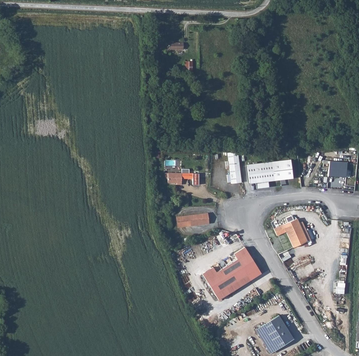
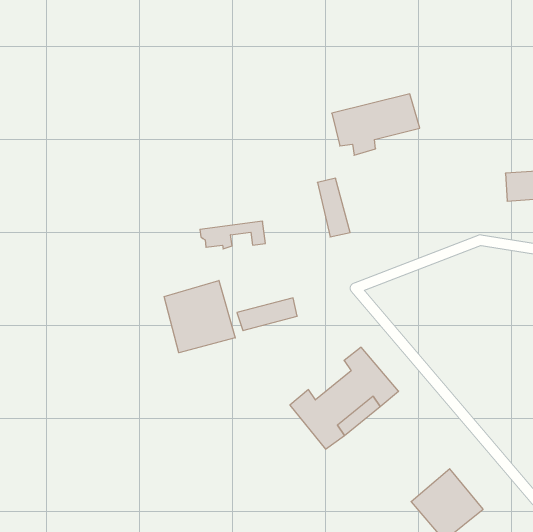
building: [248,161,294,190] -> [332,94,420,155]
building: none -> [164,280,235,353]
building: [275,219,311,248] -> none

